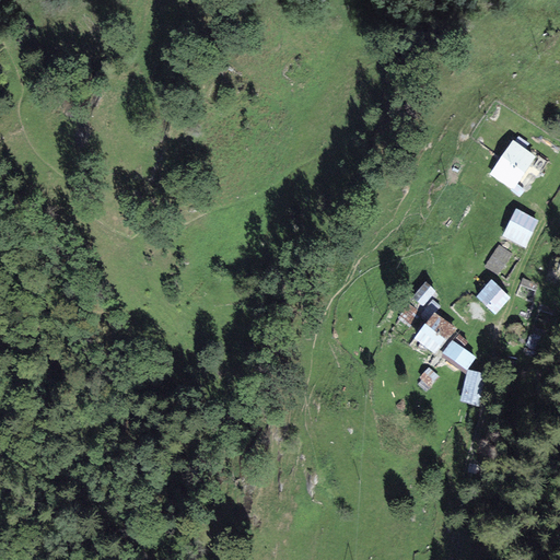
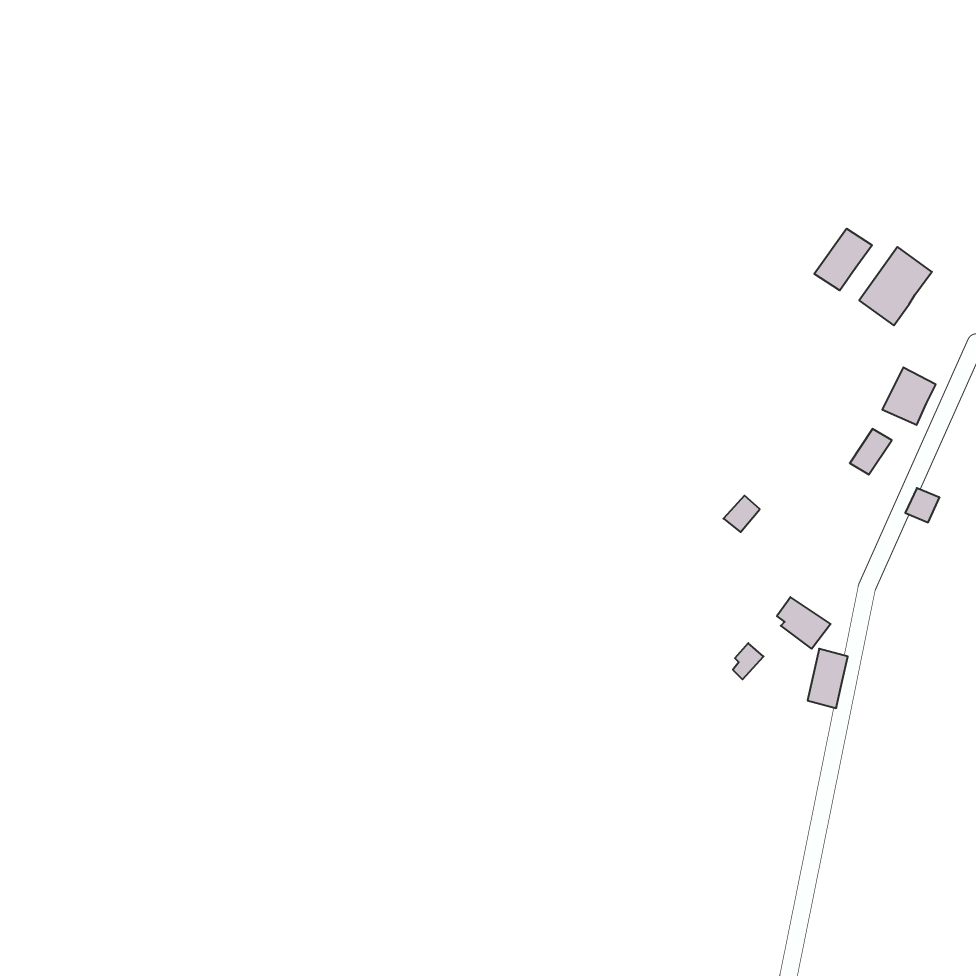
building: none -> [814,229,872,290]
building: [477,281,509,312] -> none
building: [416,314,452,351] -> none

